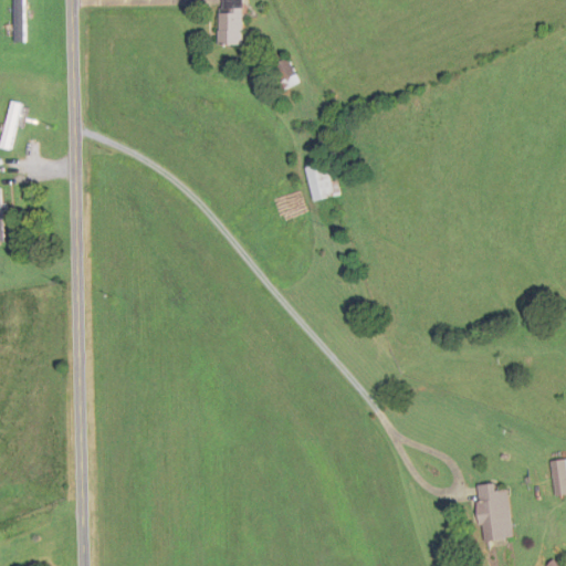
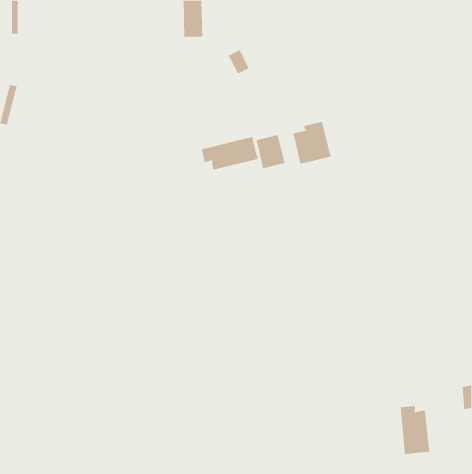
building: none -> [293,121,331,165]
building: none -> [201,136,258,170]

